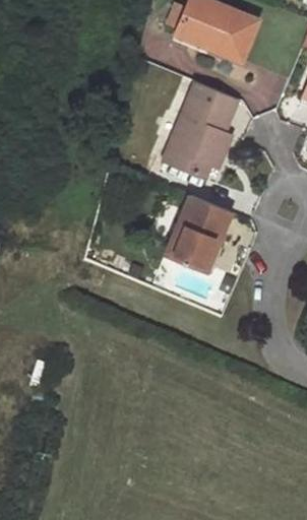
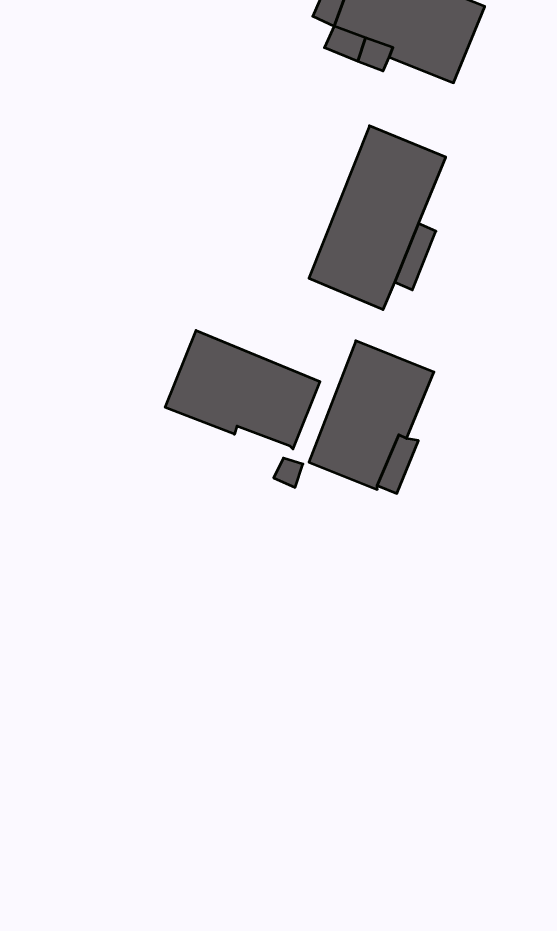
building: none -> [165,330,320,449]

